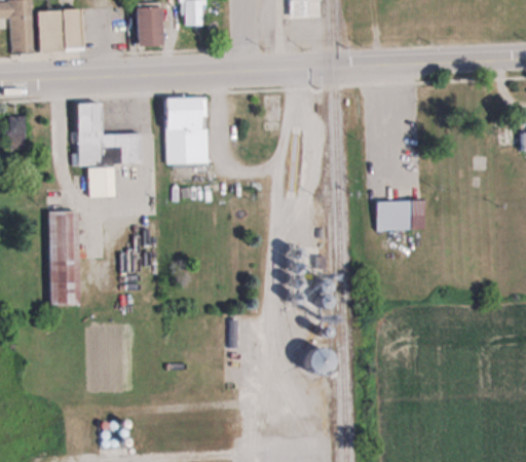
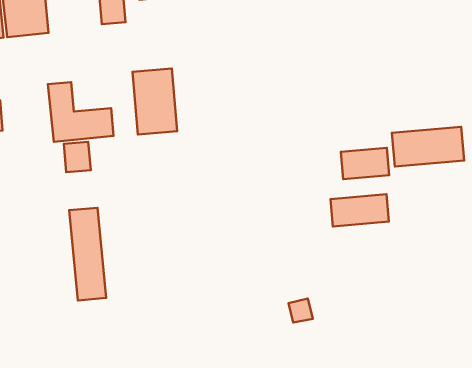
building: none -> [392,127,464,166]
building: [47,210,78,305] -> [69,208,106,300]
building: none -> [331,194,389,226]

